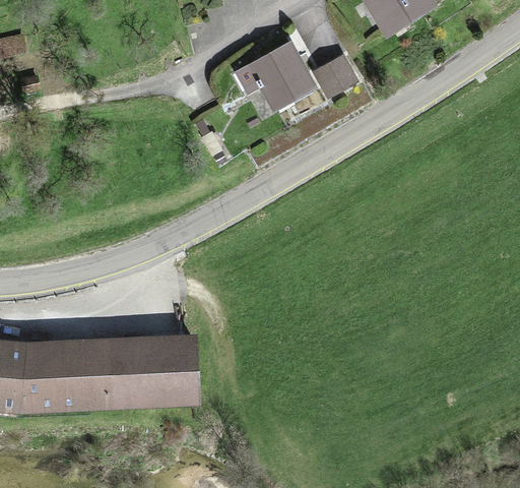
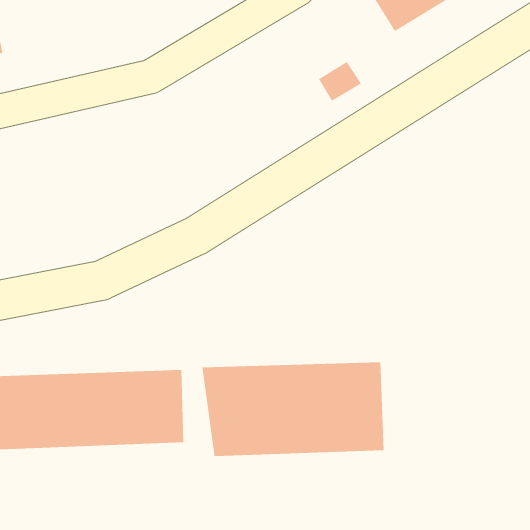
building: [233,43,314,108] -> none
building: none -> [202,361,384,457]

